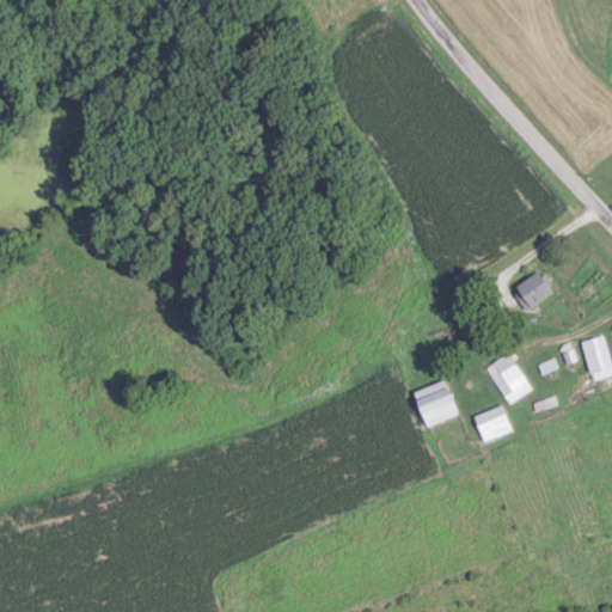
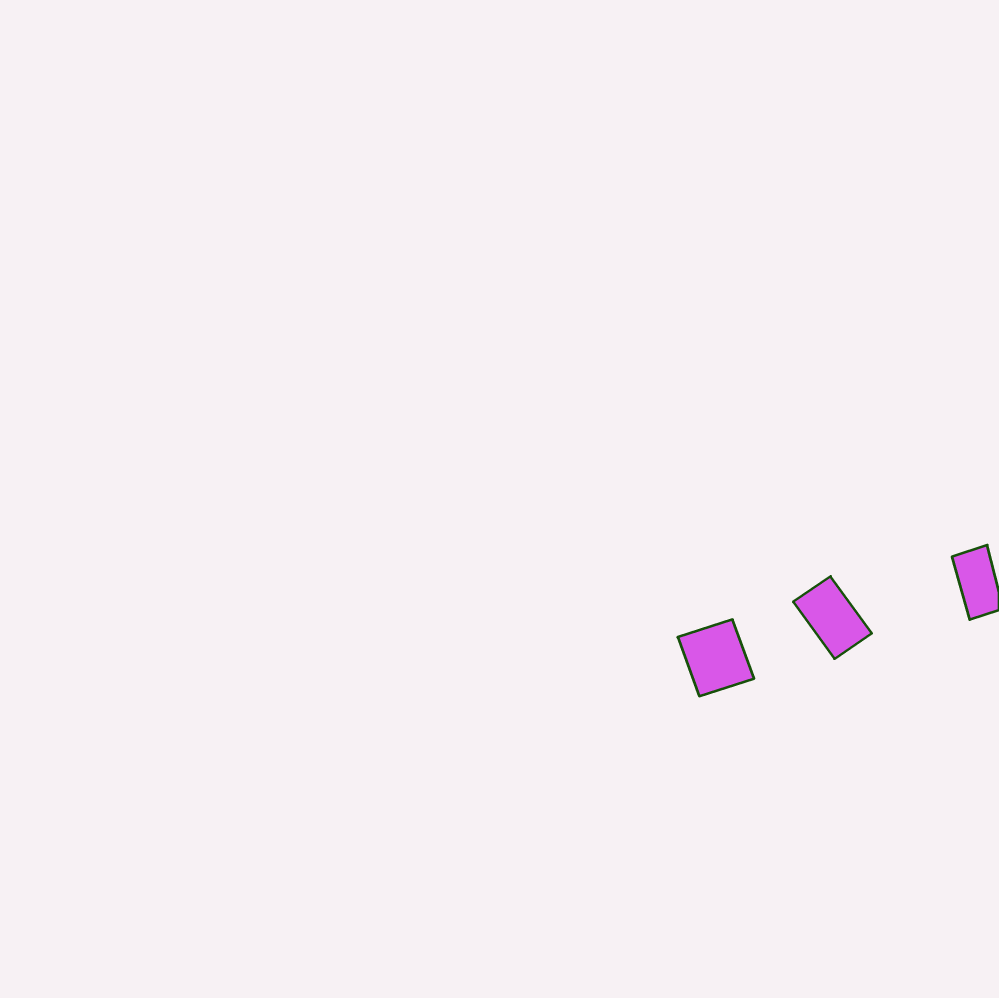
building: [512,270,553,311] -> none
building: [475,406,510,442] -> none

